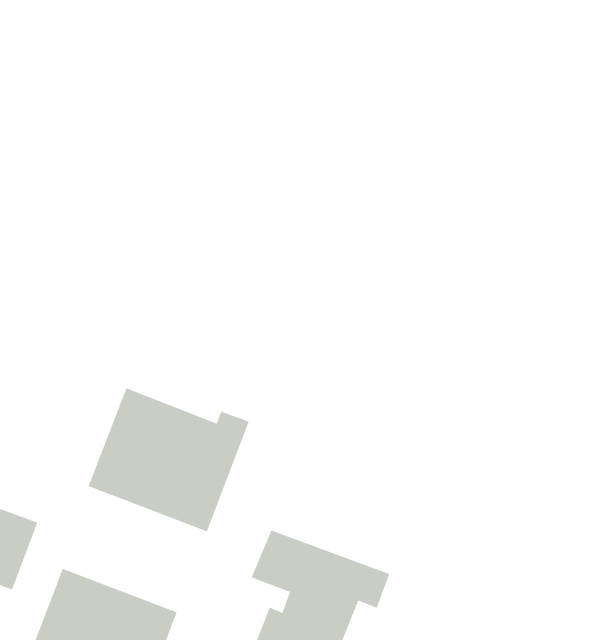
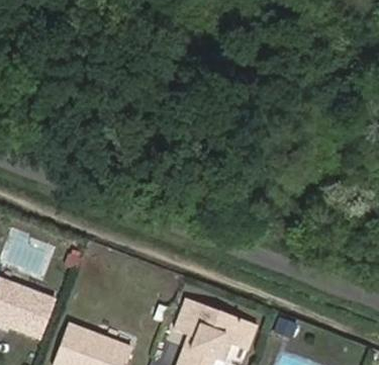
building: [88,387,250,532] -> none

